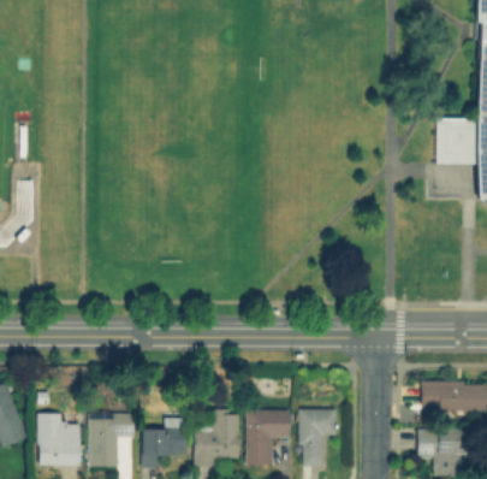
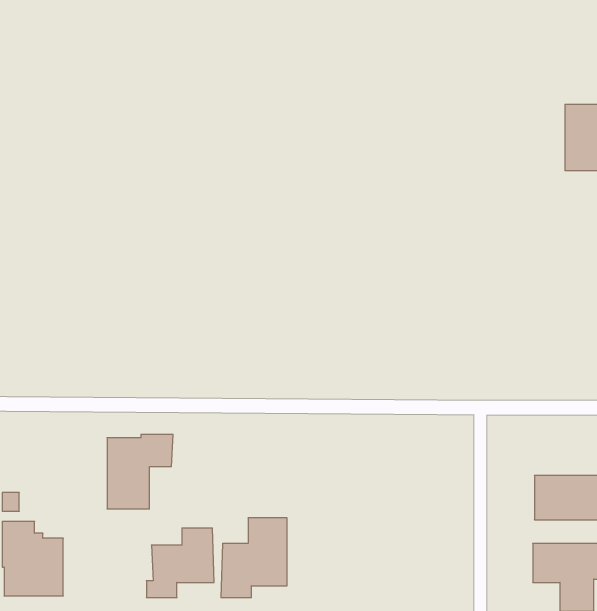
building: [247,409,291,466] -> none
building: [299,409,337,467] -> none
building: [90,414,137,467] -> [107,434,173,509]

